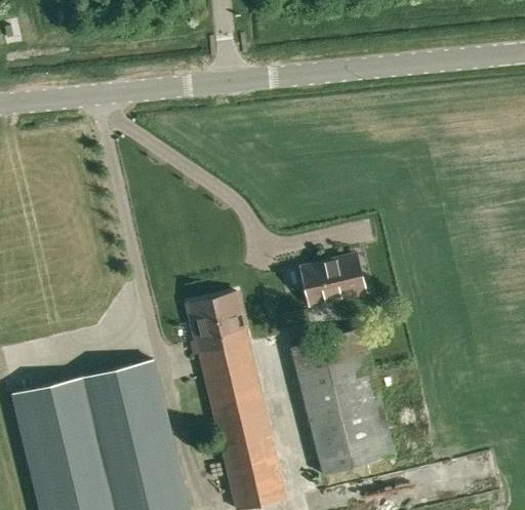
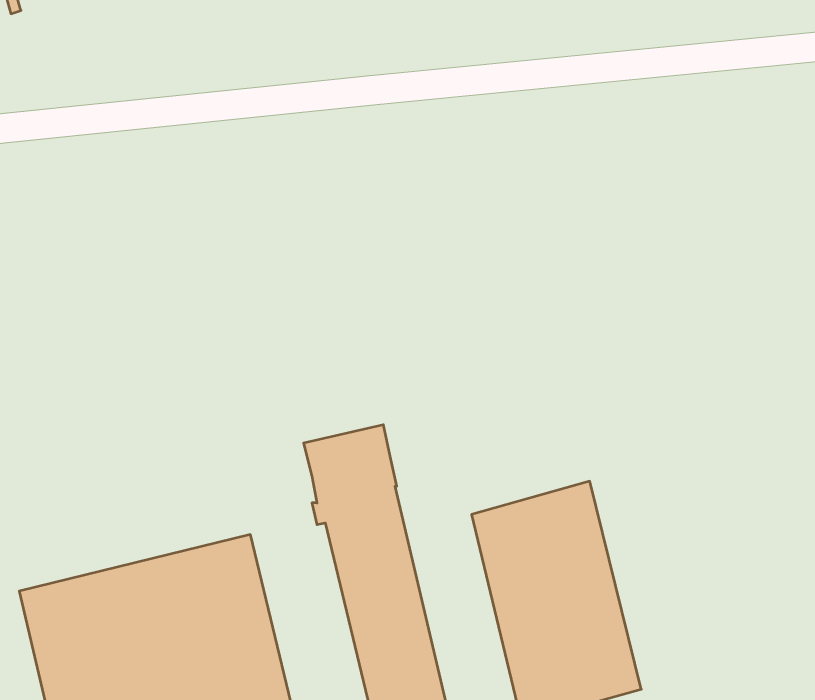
building: [301,256,364,305] -> none

